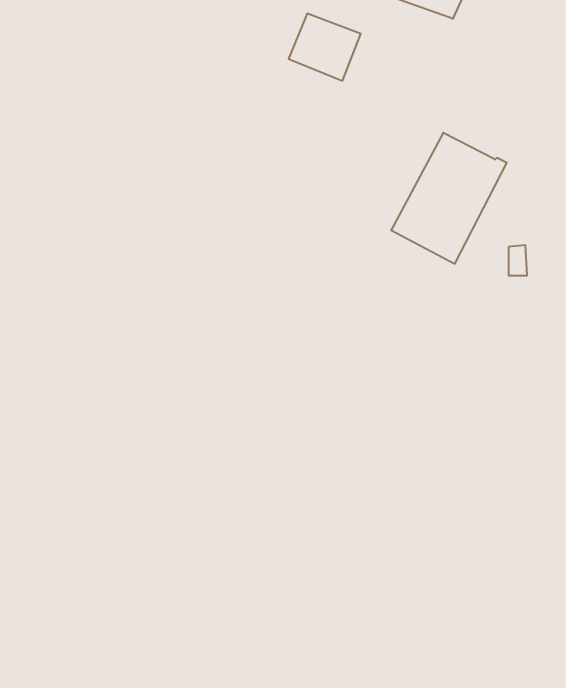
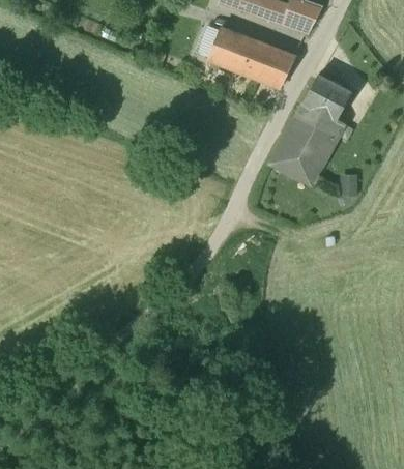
building: none -> [241,41,295,86]
building: none -> [304,75,351,119]

